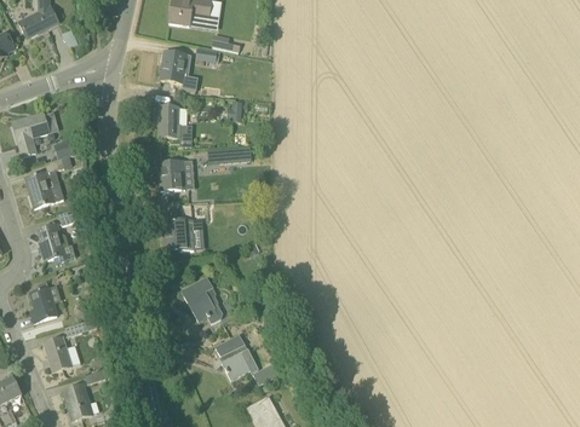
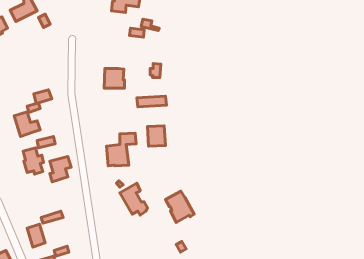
building: [162,50,188,82] -> none
building: [12,112,50,156] -> none
building: [159,160,185,190] -> [148,126,166,146]
building: [30,284,62,322] -> [50,156,71,182]
building: [216,334,258,380] -> [165,191,194,222]

